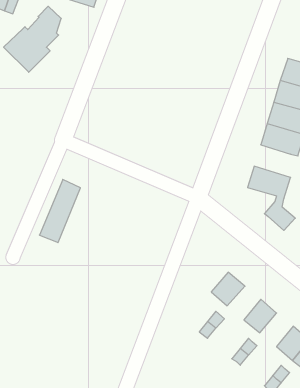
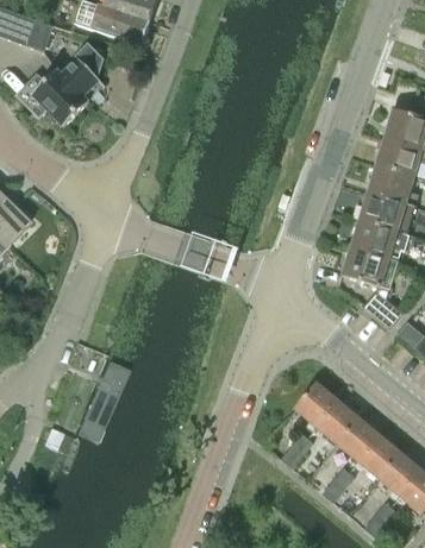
building: none -> [350,220,400,262]
building: [39,179,80,243] -> [77,360,130,441]
building: none -> [315,401,358,443]
building: none -> [357,435,400,478]

